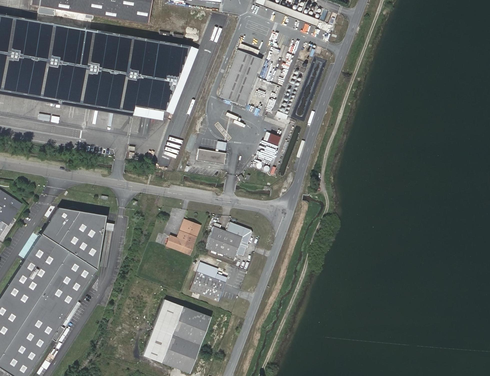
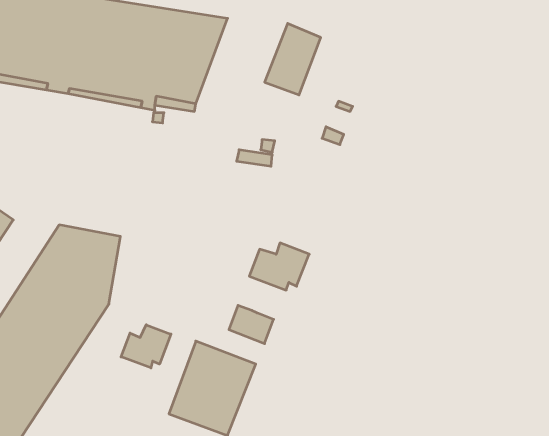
building: [166,219,201,255] -> none
building: none -> [121,325,171,368]

